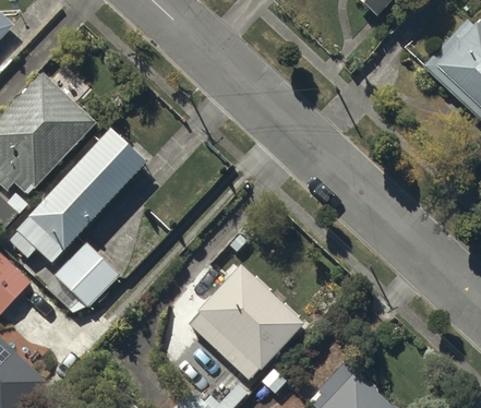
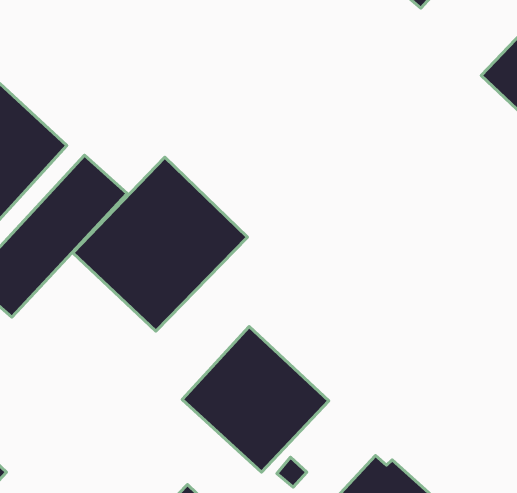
building: none -> [73,157,248,331]
building: [56,243,119,307] -> none

